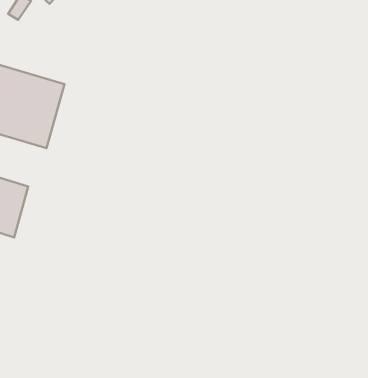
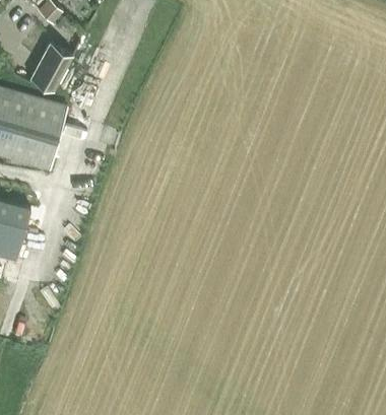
building: none -> [31,42,73,89]

